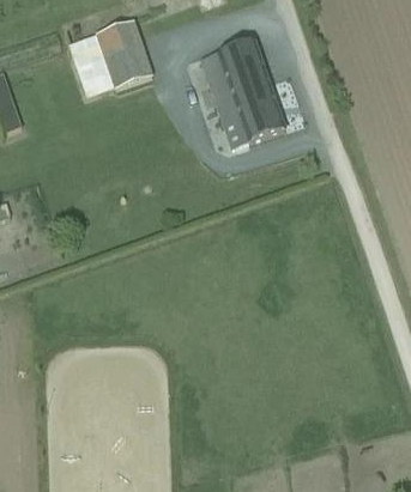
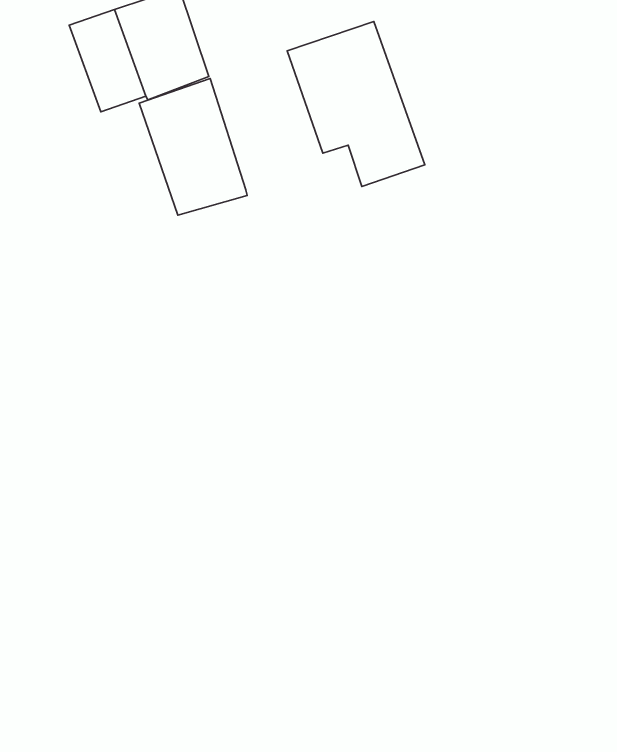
building: none -> [139,78,247,215]

